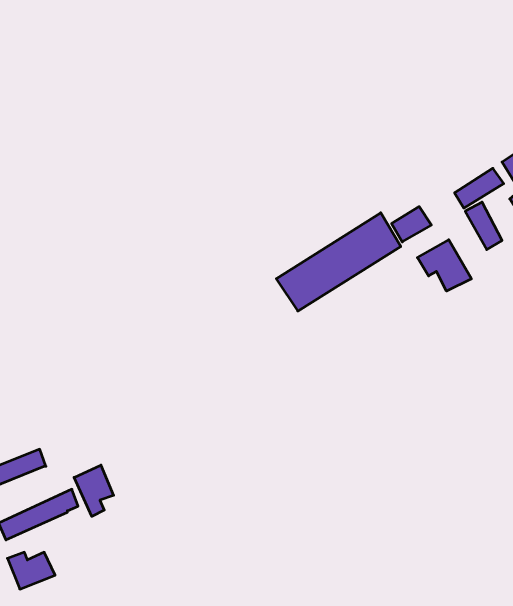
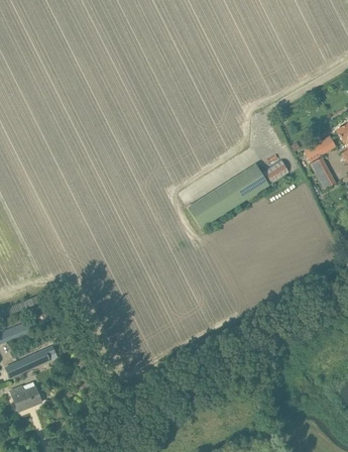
building: [417,240,471,291] -> none
building: [74,465,114,516] -> none

